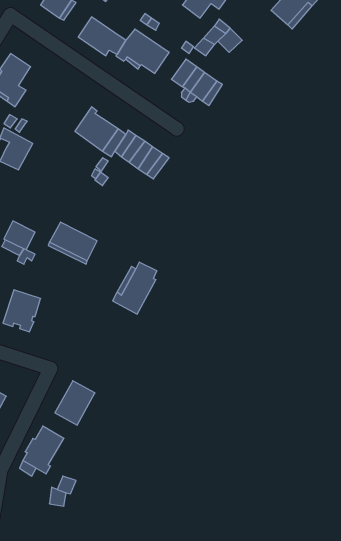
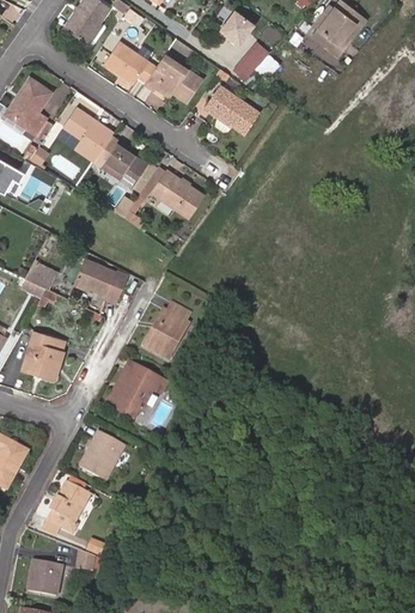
building: none -> [65,104,114,158]
building: none -> [106,360,166,418]
building: none -> [25,559,60,596]

